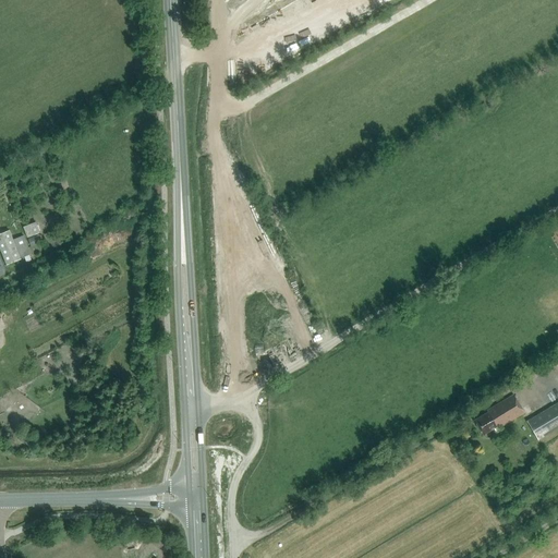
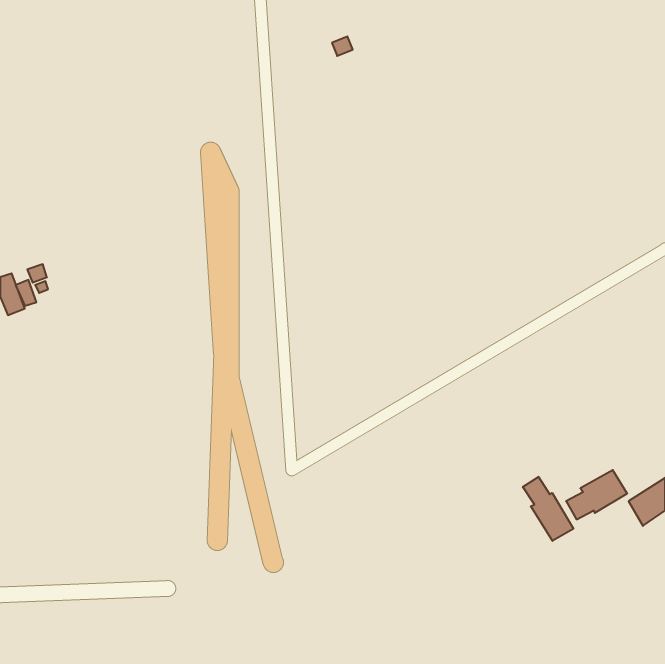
building: none -> [523,477,573,541]

